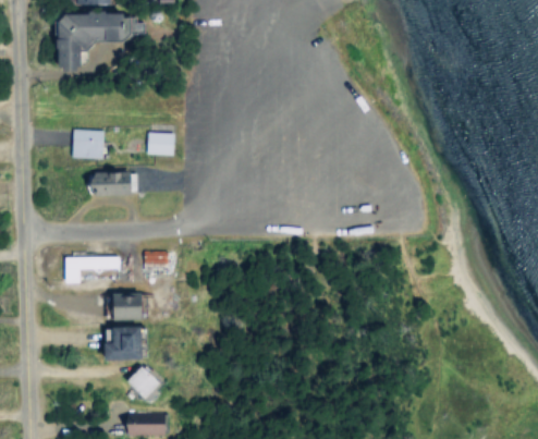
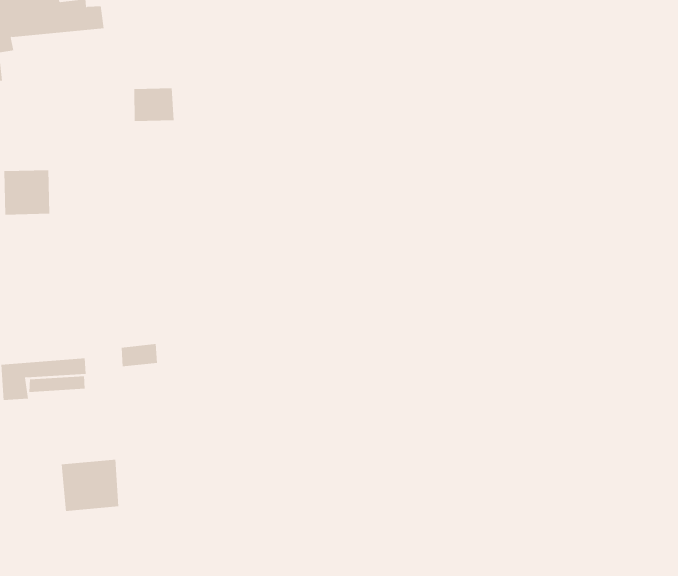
building: [149,133,176,156] -> [133,88,175,122]
building: [88,173,136,196] -> none
building: [110,292,140,319] -> none
building: [127,364,161,399] -> none

